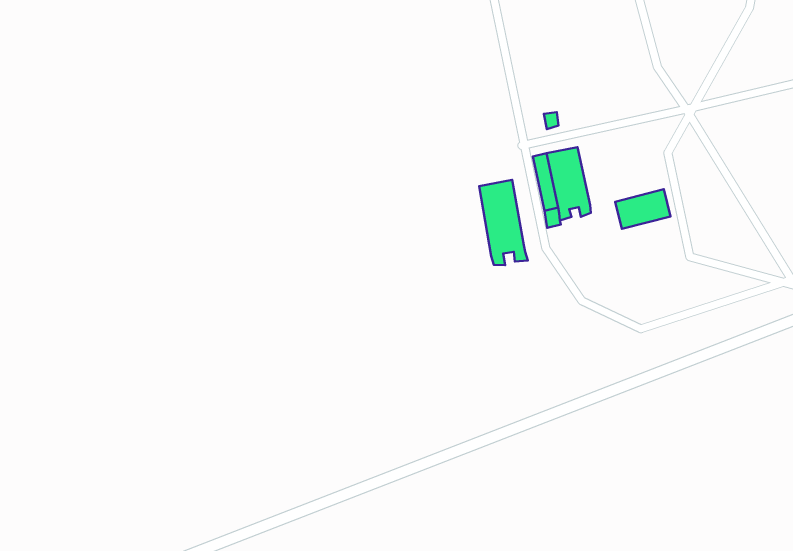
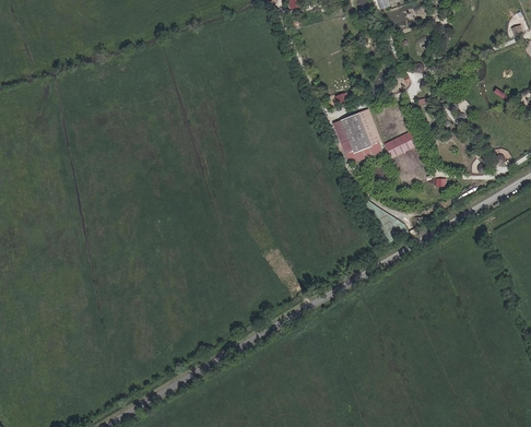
building: [479,180,528,265] -> none

